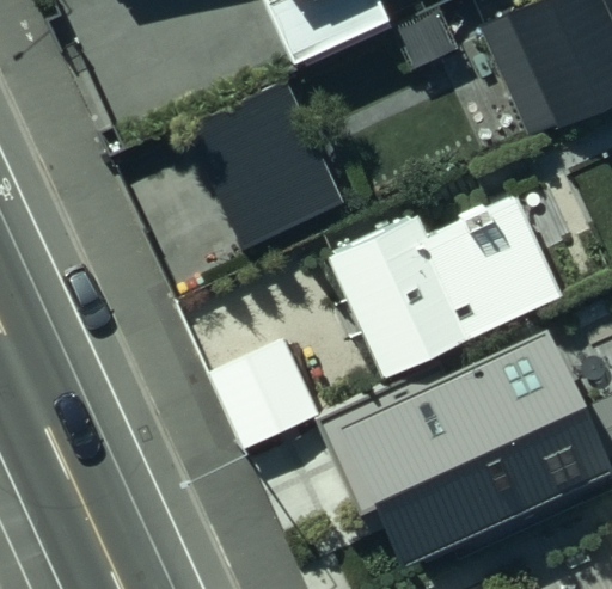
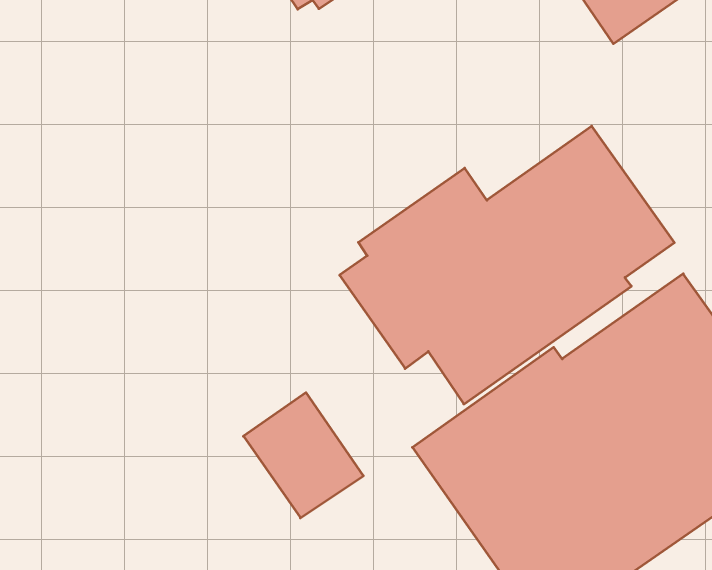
building: [200,73,361,246] -> none

